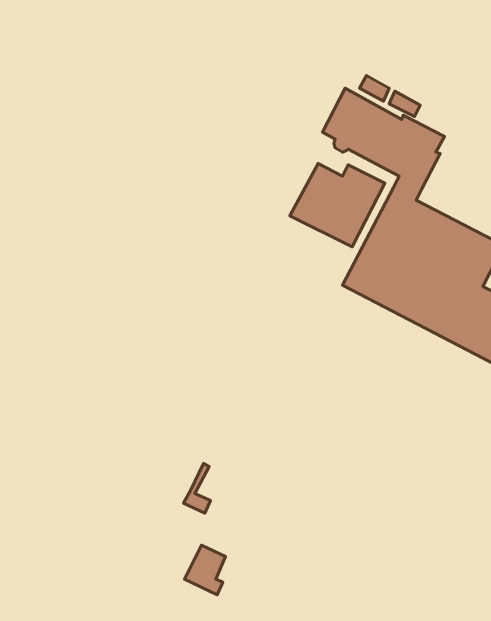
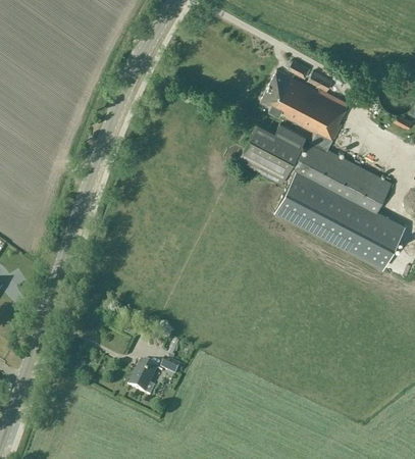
building: [184,545,226,595] -> [127,362,157,398]

